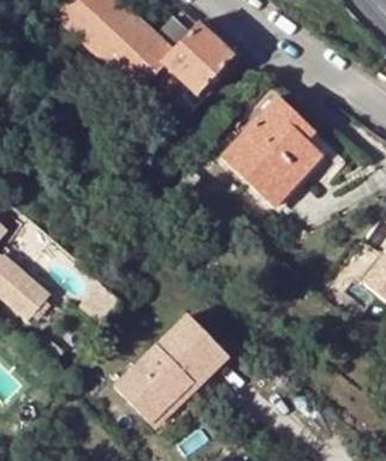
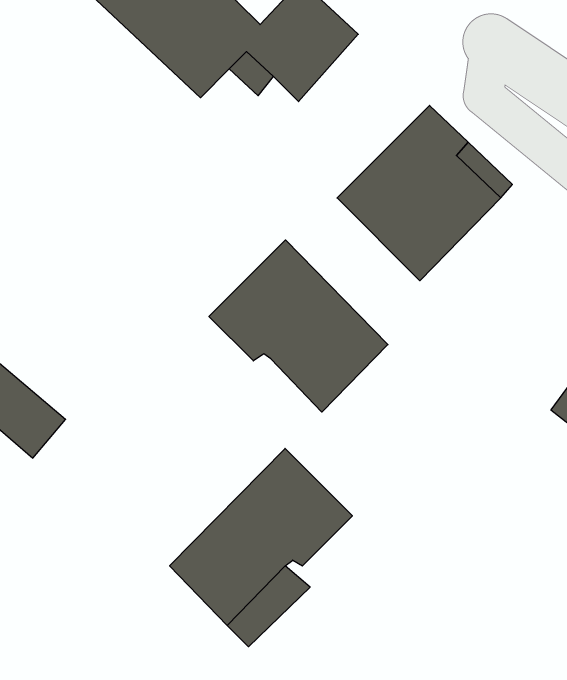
building: none -> [209,240,388,412]

